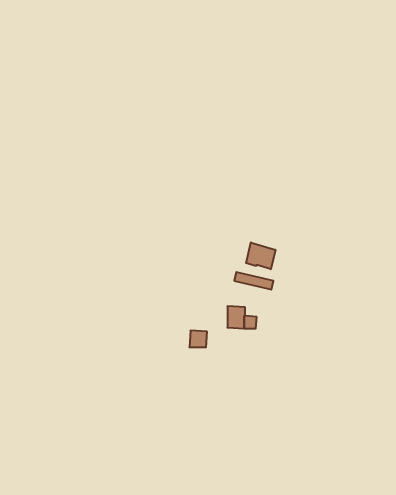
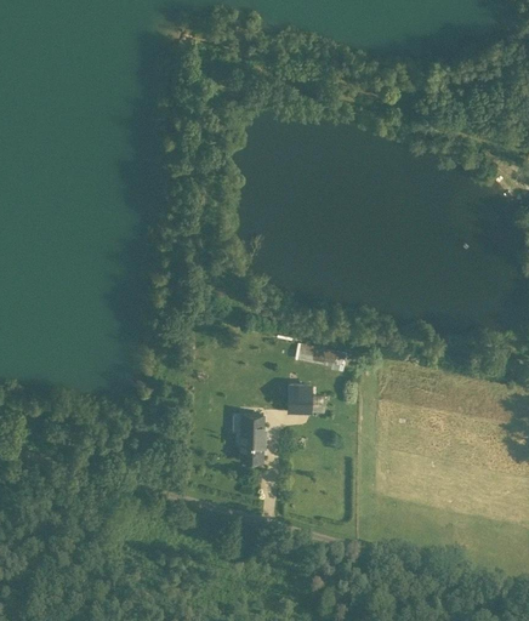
building: [246,242,275,269] -> none
building: none -> [240,435,261,462]

